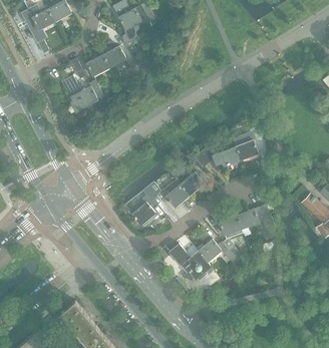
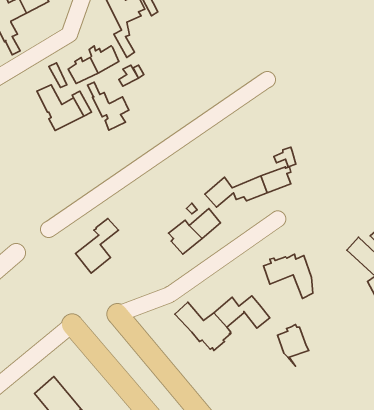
building: none -> [88,82,129,130]
building: [127,184,160,226] -> [75,218,118,273]
building: [219,215,243,247] -> [277,325,309,366]

